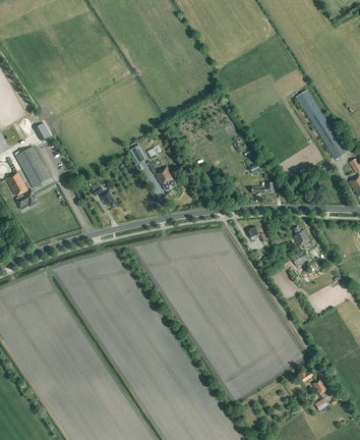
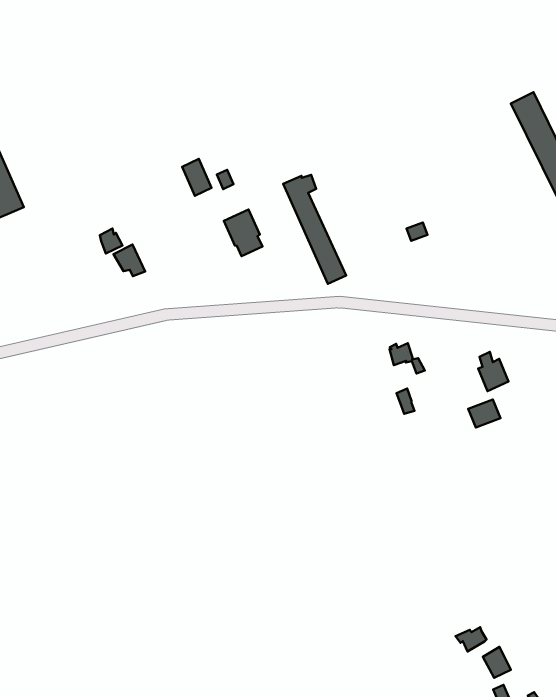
building: none -> [283,175,346,284]

